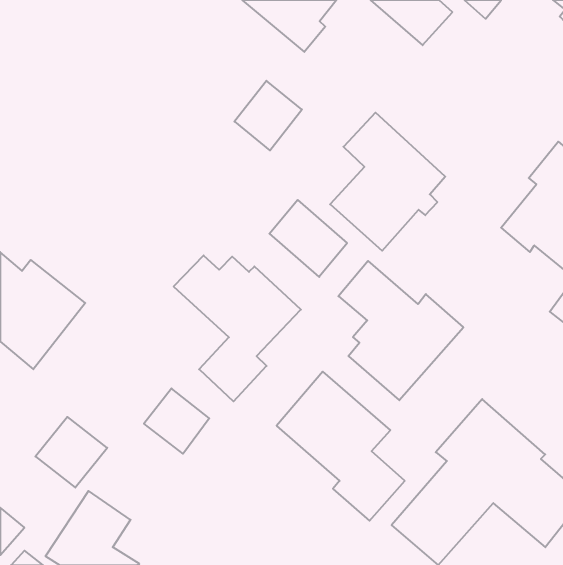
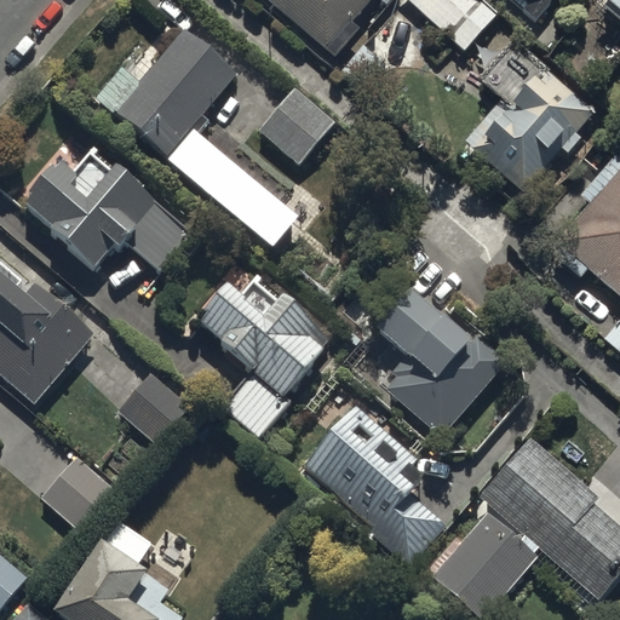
building: none -> [93,28,299,248]
building: [330,113,445,251] -> [465,41,591,193]
building: none -> [23,151,190,270]
building: [269,200,347,277] -> none
building: [144,388,209,454] -> [119,374,190,446]

